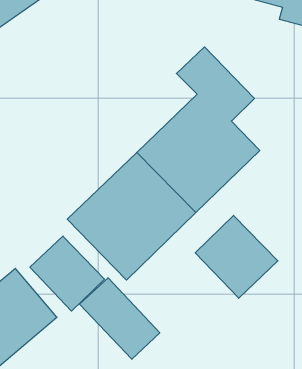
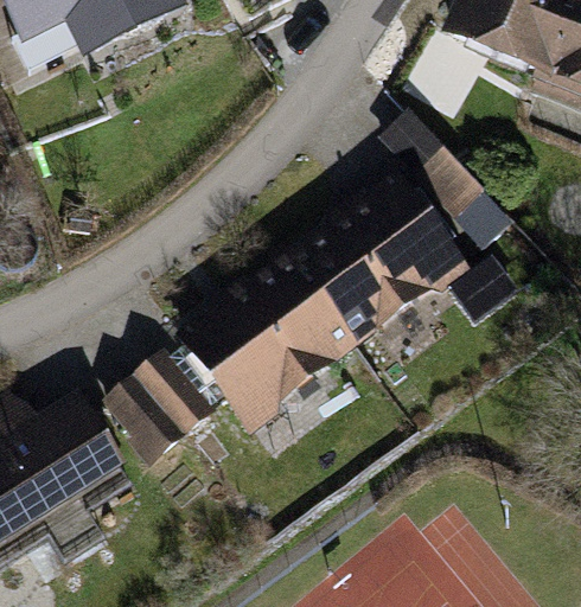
building: [195,215,278,298] -> none
building: [79,278,160,359] -> none

